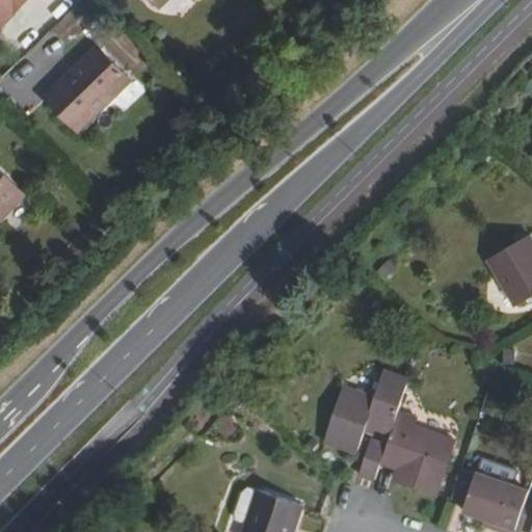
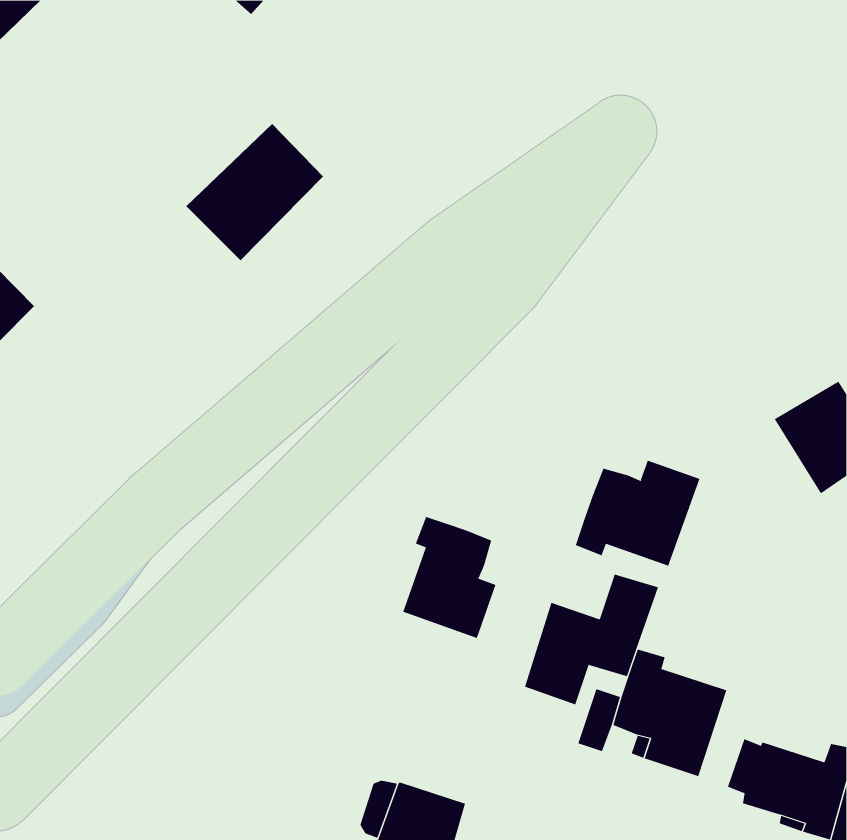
building: [46,48,132,134] -> [186,123,324,261]
building: none -> [575,460,700,566]
building: none -> [402,516,496,639]

